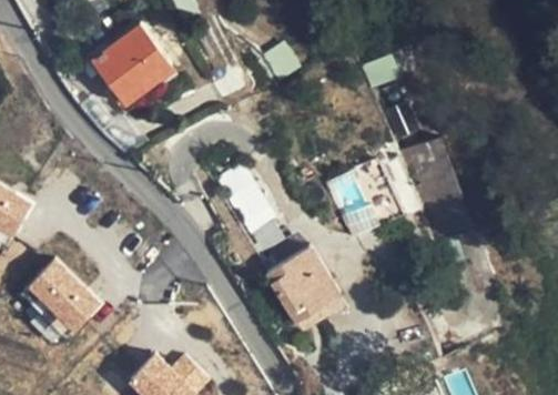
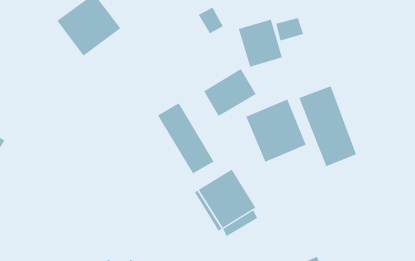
building: none -> [238,19,283,68]
building: none -> [203,68,257,117]
building: [26,262,97,333] -> none

